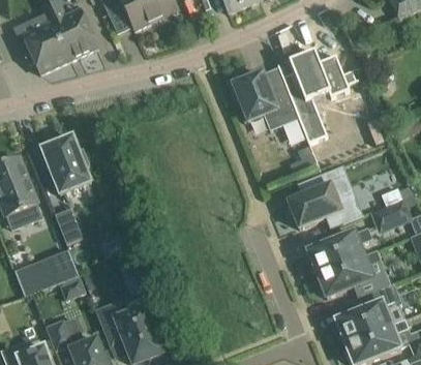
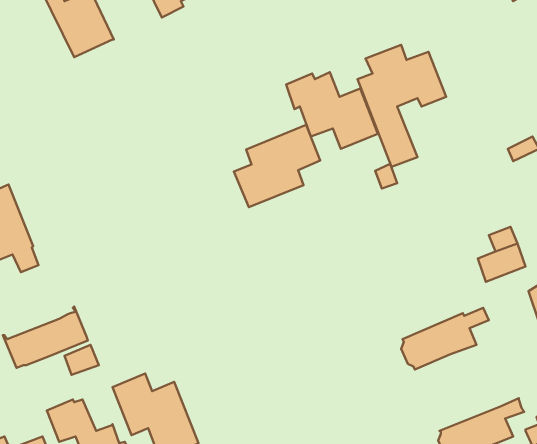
building: [23,23,67,73] -> none
building: [42,135,91,193] -> none
building: [288,164,353,226] -> [234,125,320,207]
building: [56,208,83,243] -> none
building: [306,227,372,273] -> none
building: [334,282,404,342] -> none

